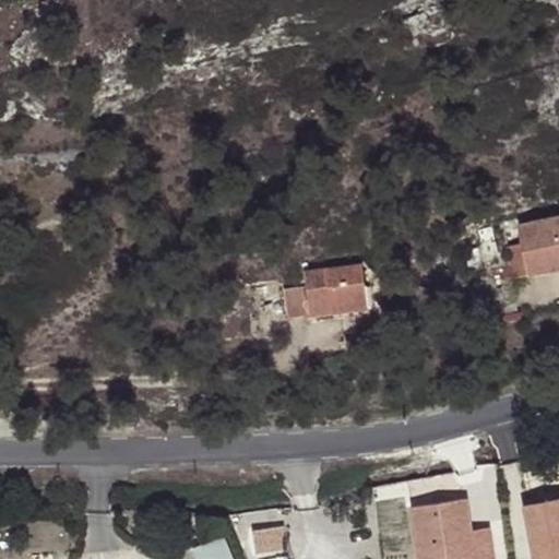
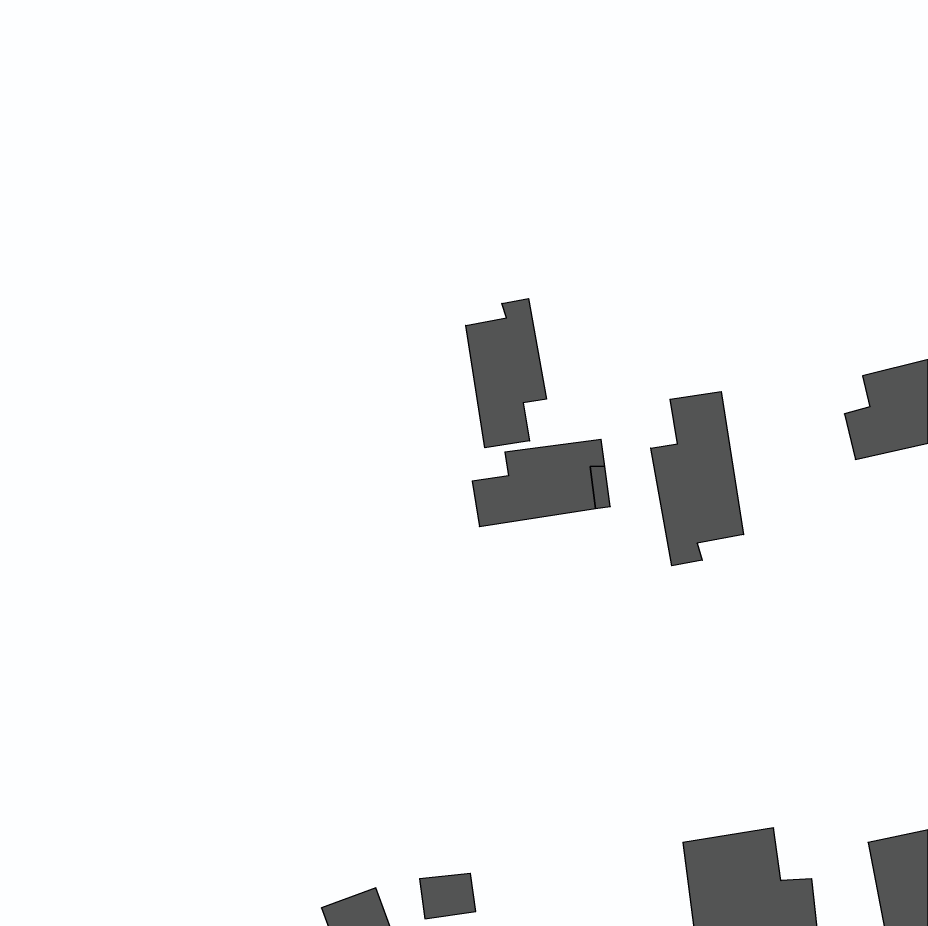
building: none -> [466,299,546,448]
building: none -> [651,392,744,566]

